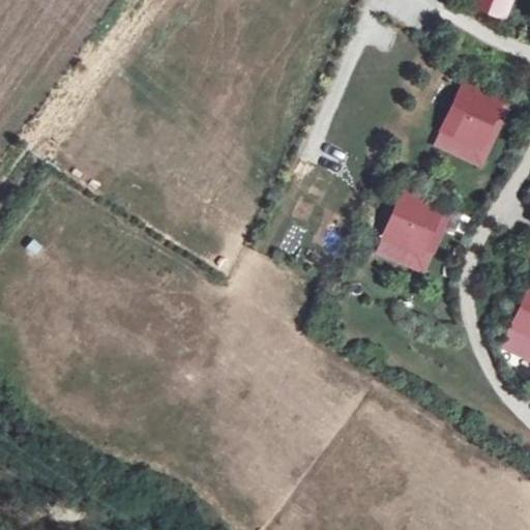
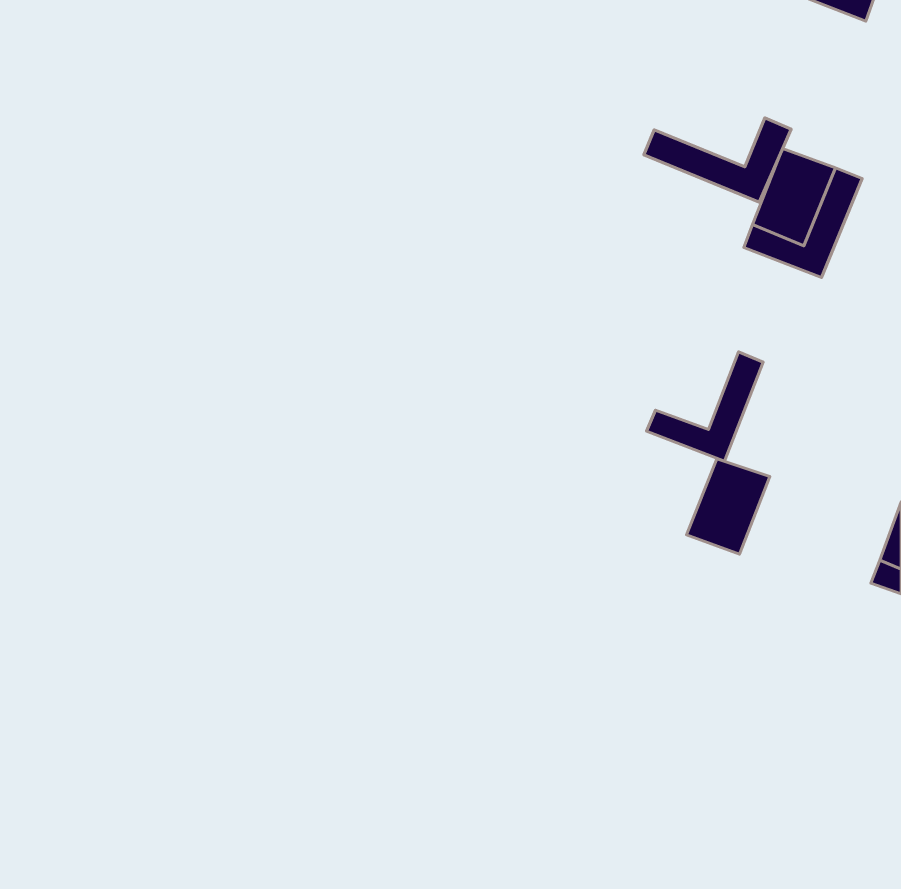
building: none -> [644,118,791,202]
building: [384,196,433,252] -> [687,459,770,554]

